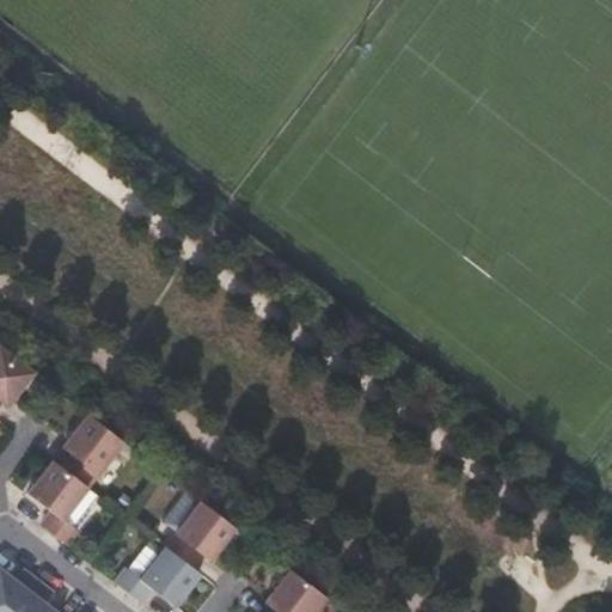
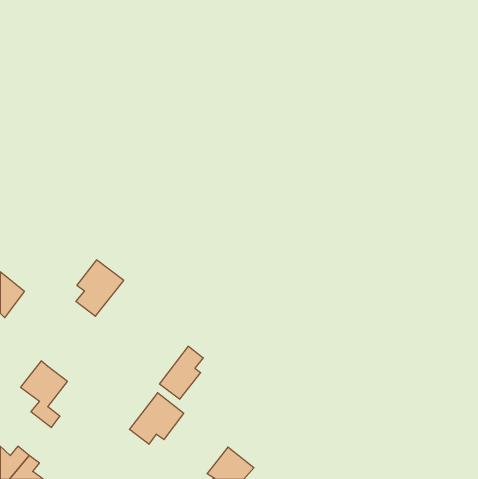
building: [62,415,123,486] -> [76,260,124,316]
building: none -> [159,346,203,399]
building: [116,547,201,606] -> none

